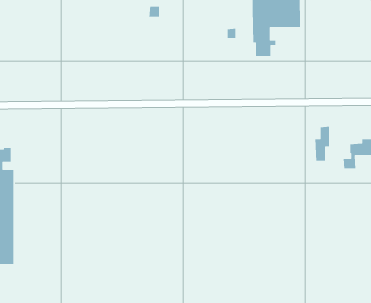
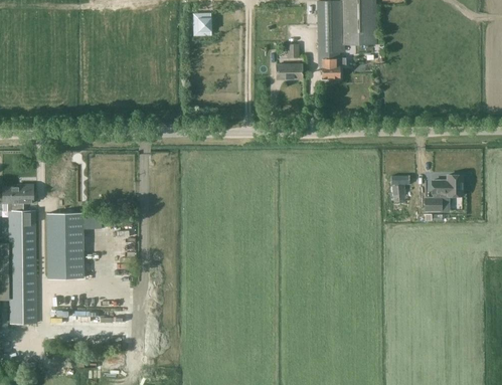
building: none -> [277,64,302,79]
building: none -> [47,214,83,278]

